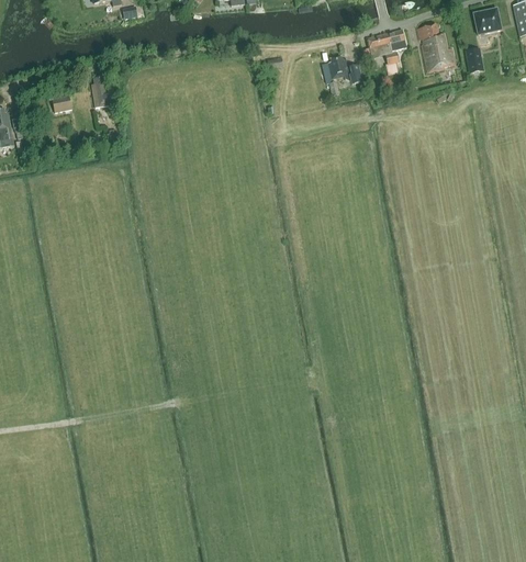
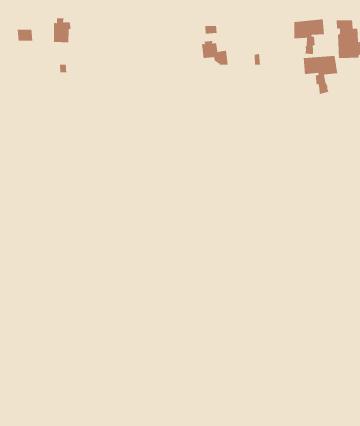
building: [327,55,362,82] -> [201,40,228,65]
building: none -> [303,55,338,95]

